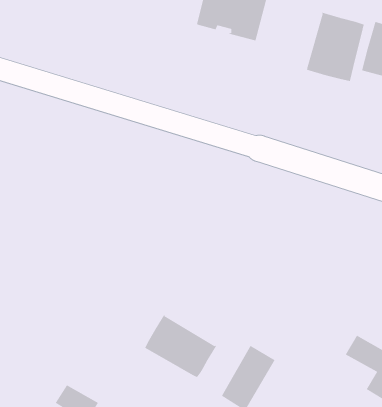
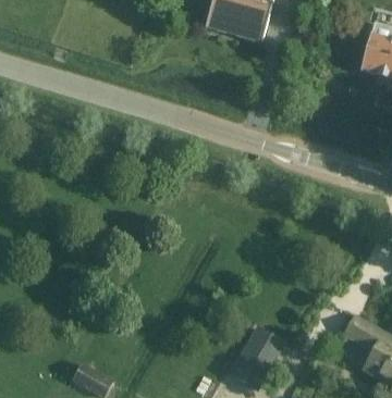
building: [306,12,364,82] -> none
building: [144,314,217,378] -> none

